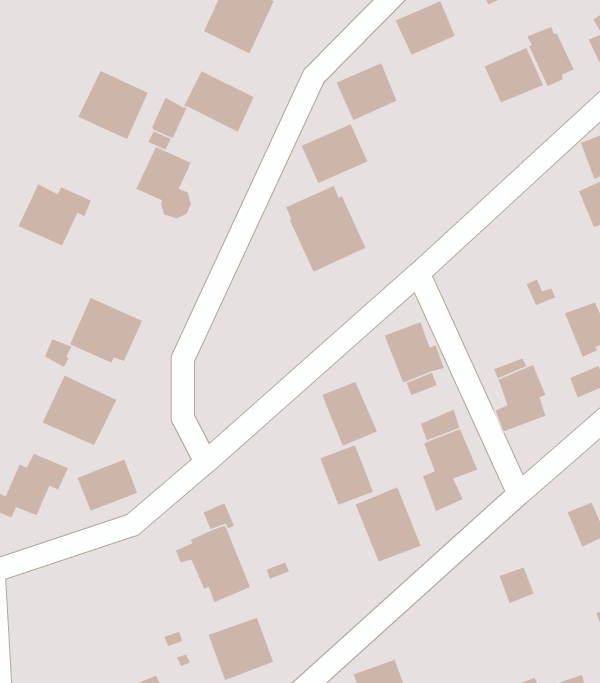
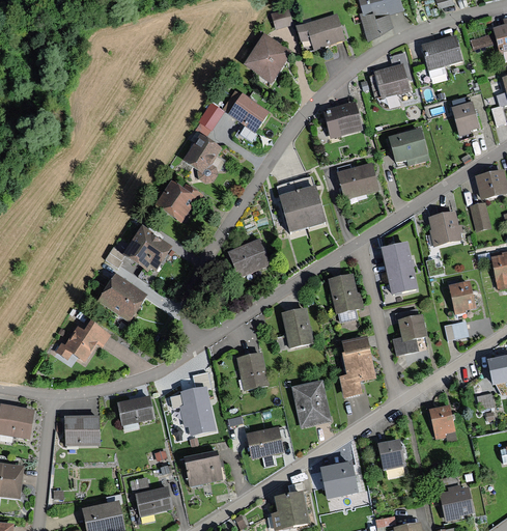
building: [483,47,544,104] -> [388,134,425,168]
building: [77,70,149,140] -> none
building: [301,123,369,184] -> [337,163,379,199]
building: [18,183,92,247] -> [154,178,205,222]
building: none -> [428,209,462,246]
building: none -> [383,242,419,296]
building: none -> [228,237,271,277]
building: [319,444,374,506] -> [236,352,269,390]
building: [77,459,138,512] -> [117,394,156,425]
building: none -> [248,426,284,466]
building: none -> [65,415,100,445]
building: none -> [322,459,358,498]

